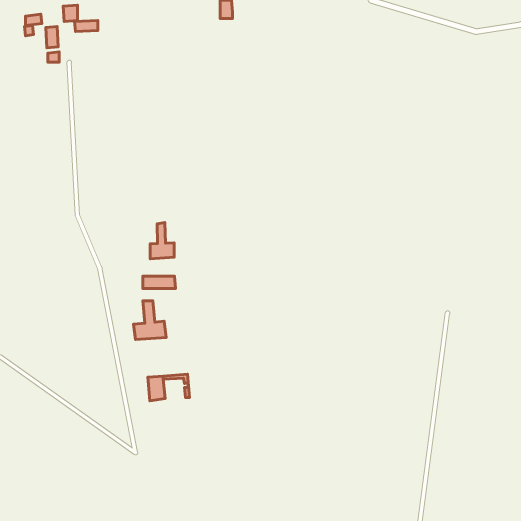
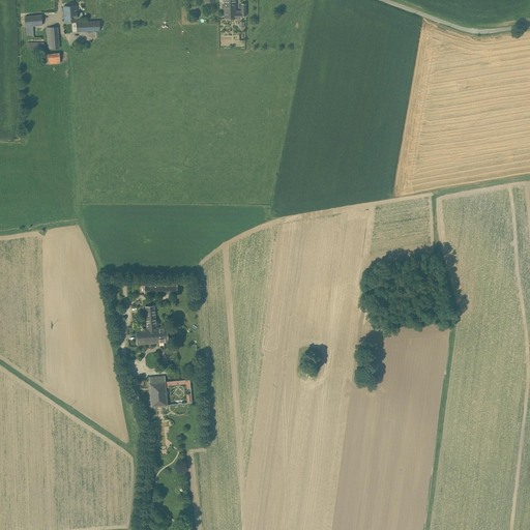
building: [150,223,174,259] -> none

